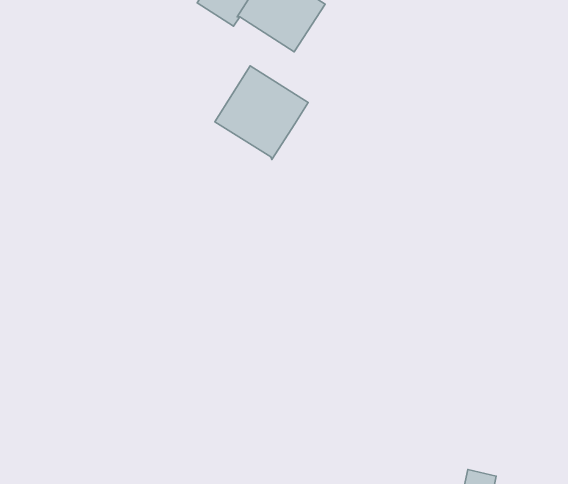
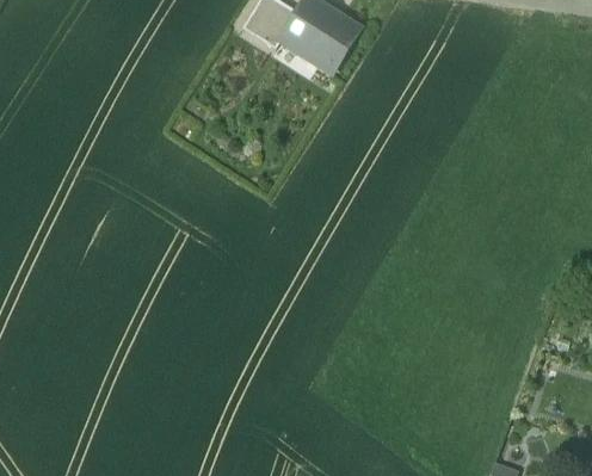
building: [215,66,308,159] -> none

